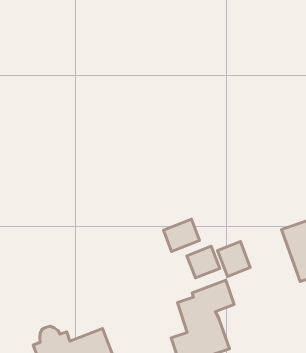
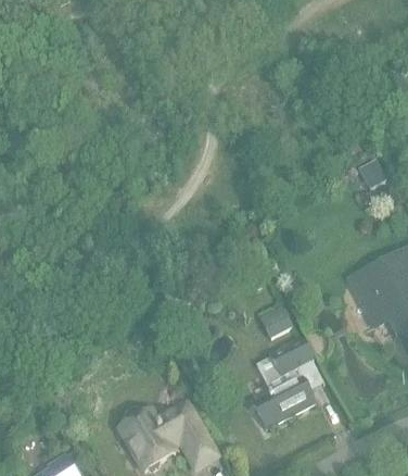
building: [164,219,200,251] -> none
building: [217,242,250,276] -> none

